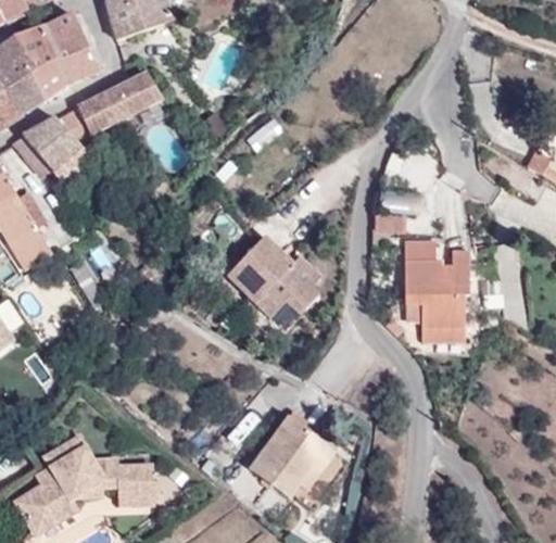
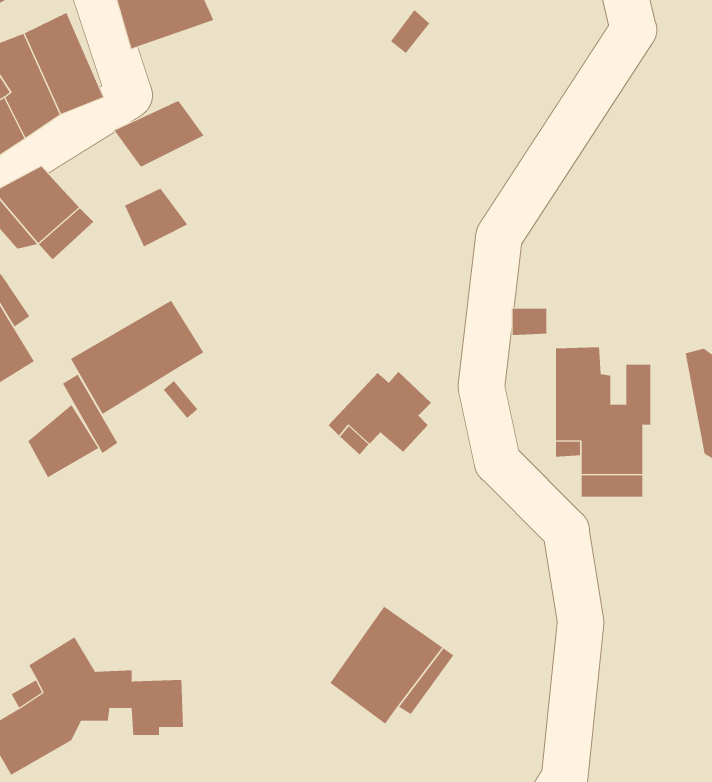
building: [78,93,122,134] -> [124,188,188,247]
building: none -> [70,300,204,415]
building: [225,235,282,293] -> none
building: none -> [28,404,99,478]

